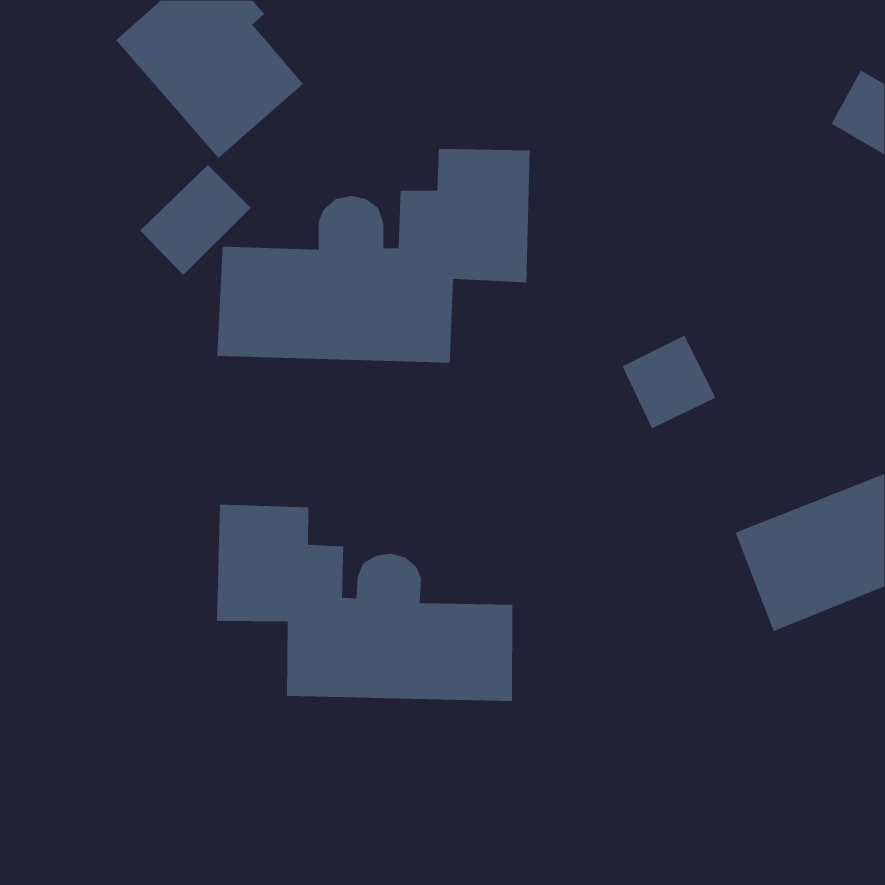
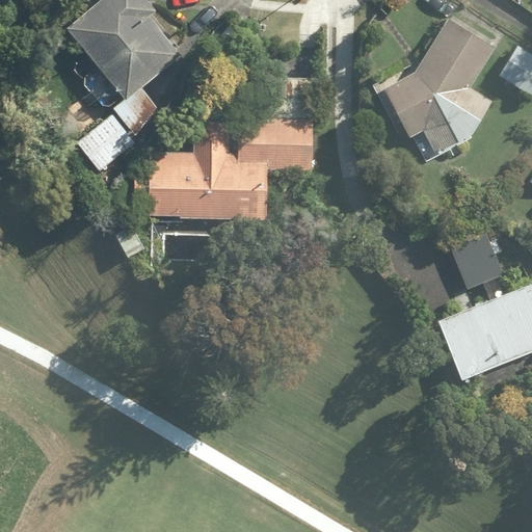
building: none -> [389,21,494,153]
building: [622,335,716,429] -> [446,236,502,292]
building: [216,504,513,702] -> none

